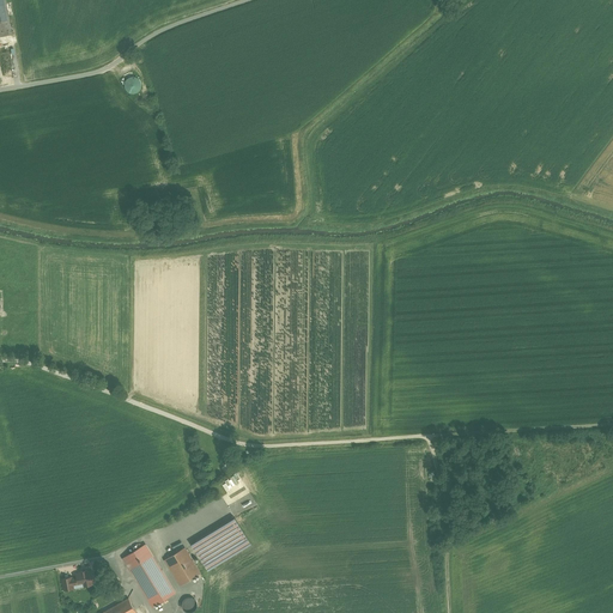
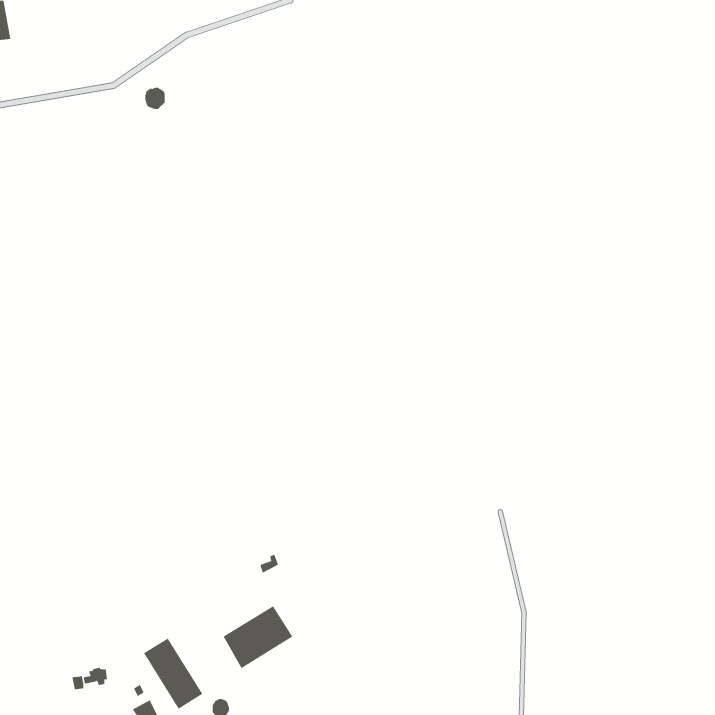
building: [164,548,199,587] -> none

